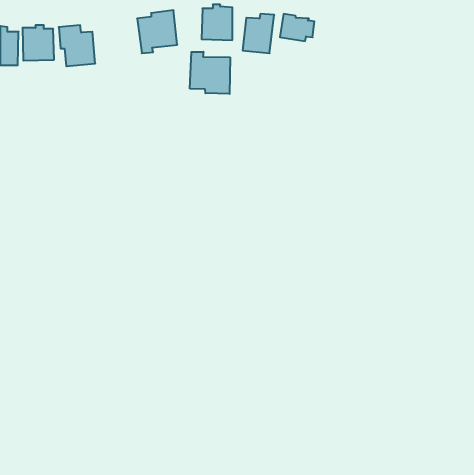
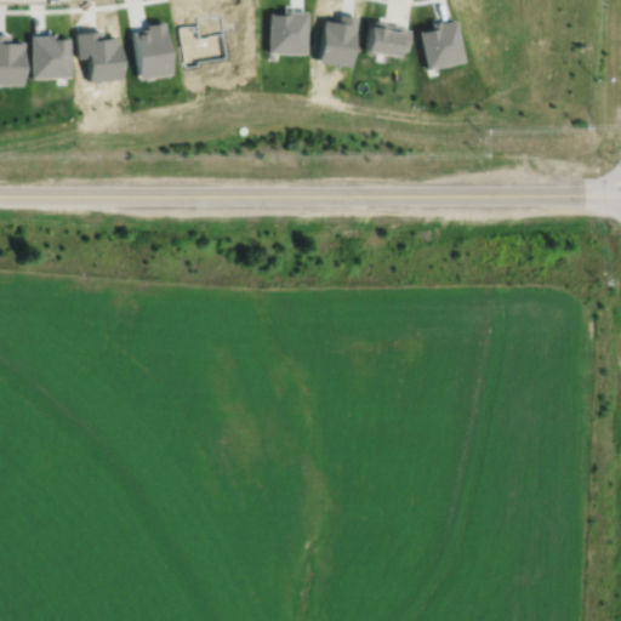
building: none -> [417,19,465,70]
building: none -> [135,24,176,84]
building: [190,52,230,94] -> none

